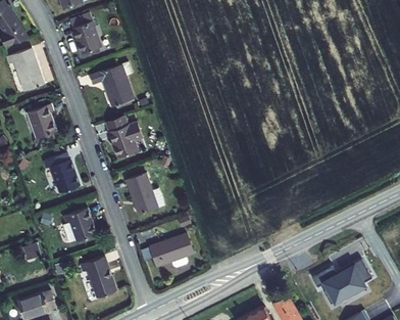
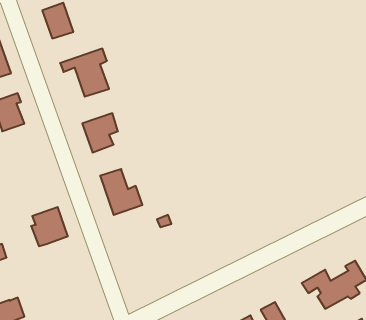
building: [44,152,79,192] -> none
building: [149,233,193,267] -> none
building: [80,256,116,298] -> none

